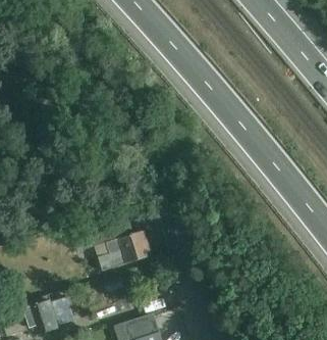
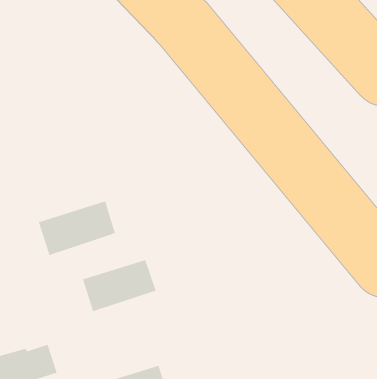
building: none -> [38,201,116,256]

